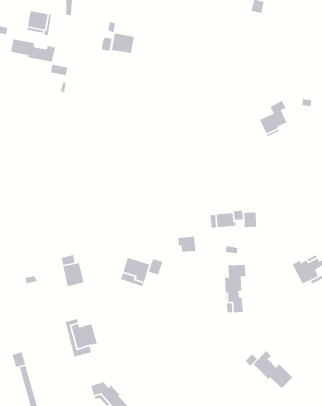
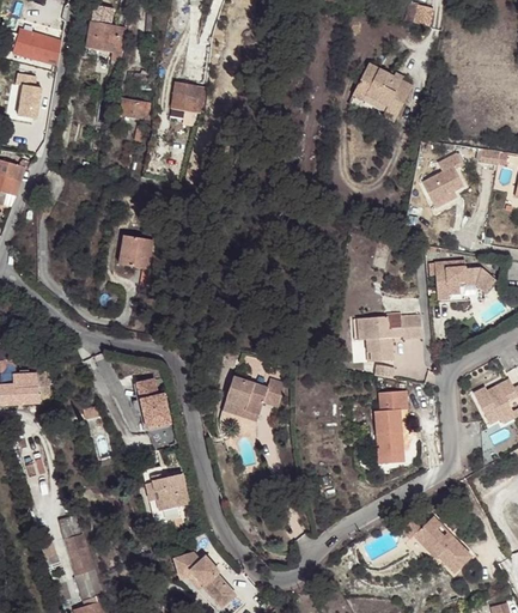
building: [111,32,135,54] -> [171,80,206,111]
building: [10,39,56,63] -> none
building: none -> [352,62,410,116]
building: none -> [117,235,152,268]
building: none -> [435,259,498,298]
building: [177,236,196,252] -> [367,335,395,359]

